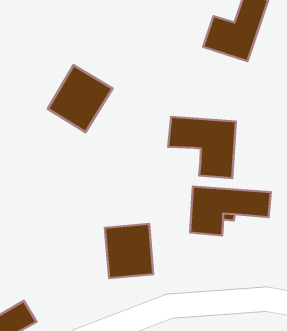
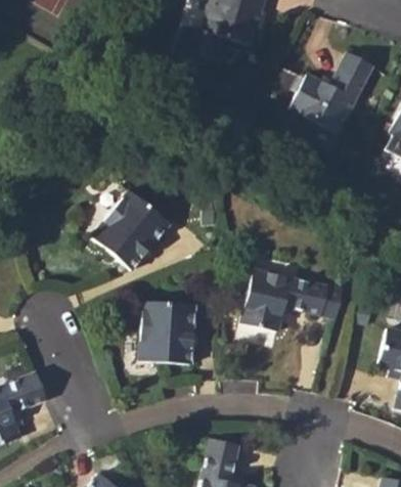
building: [48,65,112,132] -> [91,190,170,270]
building: [168,117,236,178] -> none

